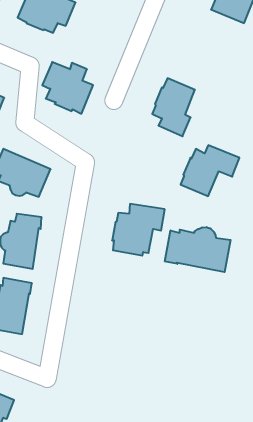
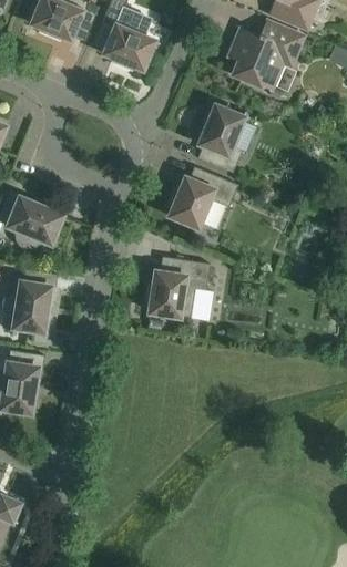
building: none -> [225,17,307,94]
building: [42,62,93,114] -> [94,10,157,74]
building: [181,145,239,196] -> [164,168,237,231]
building: [165,227,231,272] -> none

